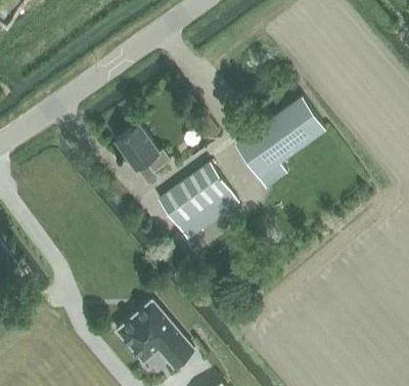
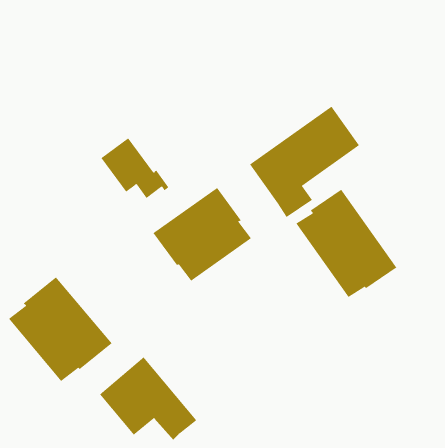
building: none -> [296,189,397,298]
building: none -> [8,276,112,382]

